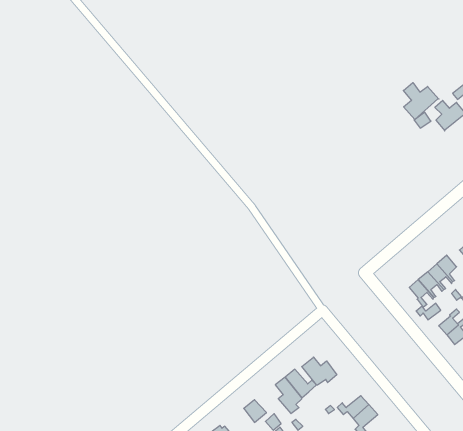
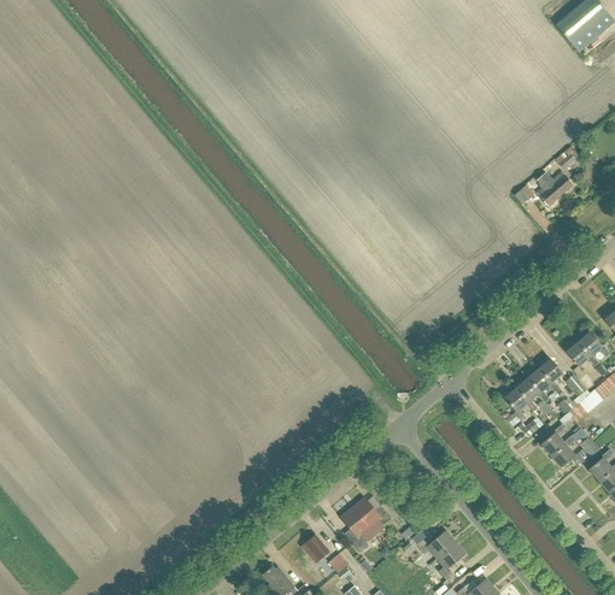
building: [403,83,439,120] -> none
building: [302,357,337,385] -> none

